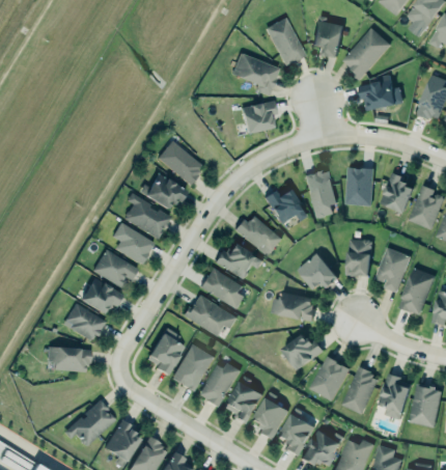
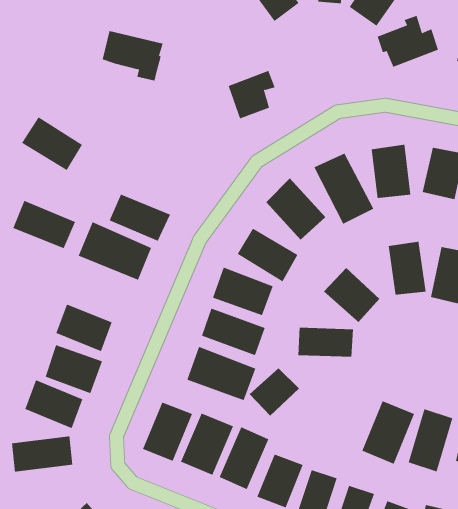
building: [234,50,282,92] -> [102,31,164,81]
building: [158,141,203,185] -> [21,116,83,171]
building: [107,222,155,262] -> [12,200,76,249]
building: [284,333,323,368] -> [249,368,300,416]

